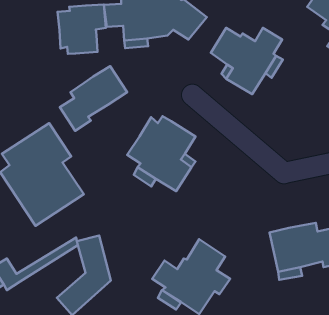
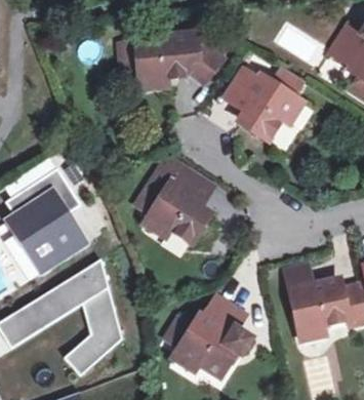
building: [57,4,106,54] -> none
building: [60,66,127,131] -> none
building: none -> [10,259,109,332]

